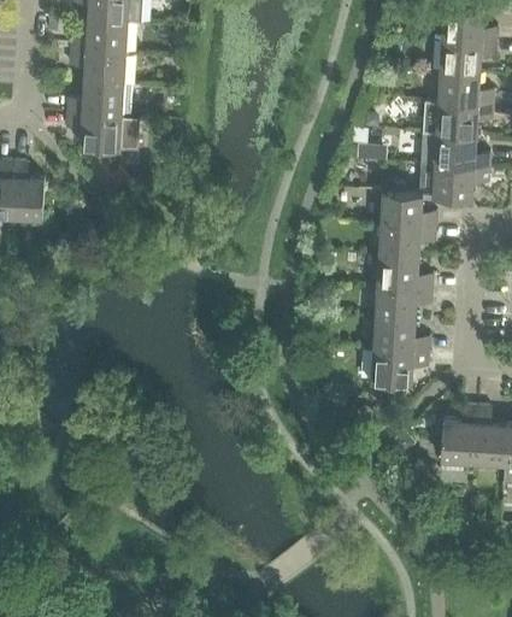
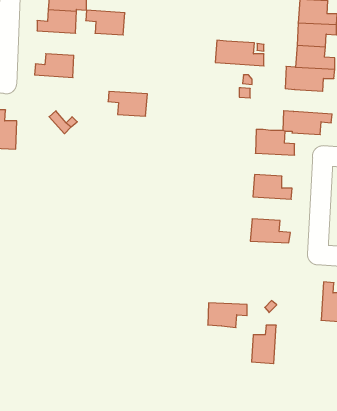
building: [71,51,126,86] -> [86,10,125,35]
building: [67,113,123,148] -> [108,91,147,116]
building: [420,133,489,169] -> [215,40,264,66]
building: [379,224,436,257] -> none
building: [376,286,431,319] -> none
building: [372,348,428,383] -> [208,303,247,328]
building: [442,406,477,460] -> [252,325,276,364]

